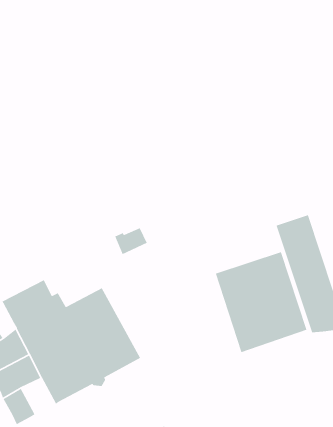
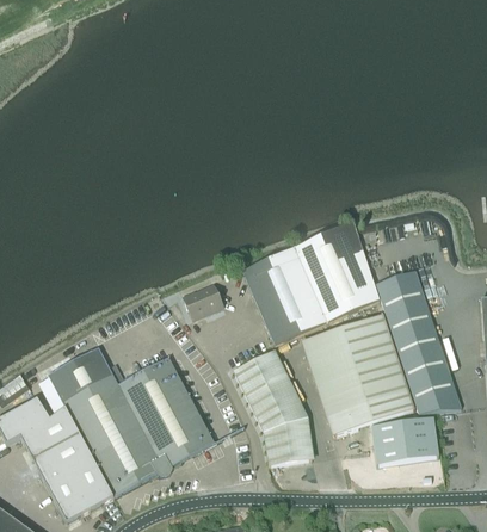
building: none -> [242,221,380,344]
building: none -> [235,352,316,468]
building: none -> [371,416,438,464]
building: none -> [72,465,112,508]

